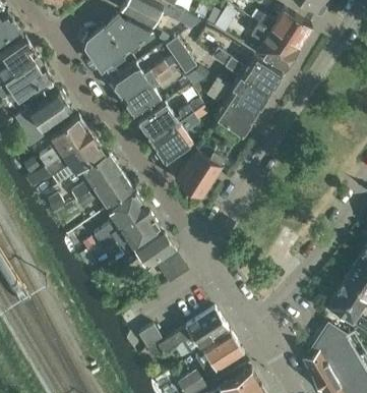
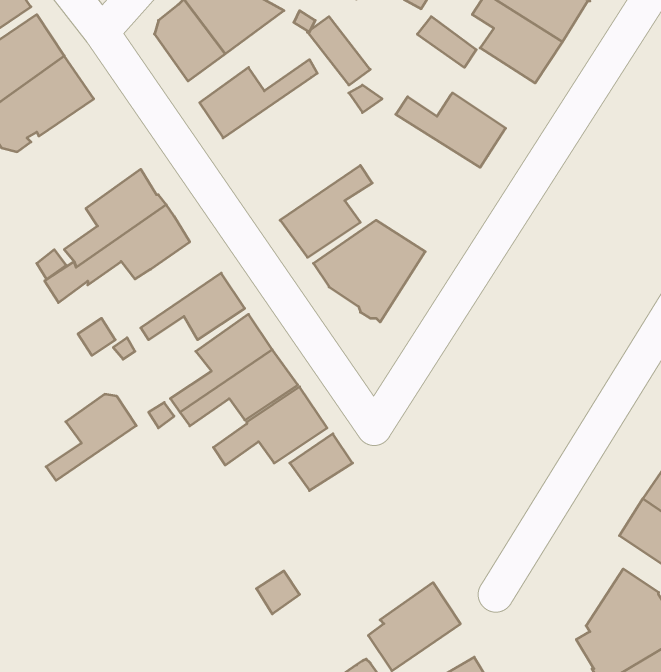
building: [211,50,281,96] -> none
building: [121,69,172,119] -> none
building: [24,89,71,144] -> none
building: [205,89,254,135] -> none
building: [137,101,208,144] -> none
building: [73,155,120,200] -> [46,394,136,480]
building: [158,308,228,354] -> none

